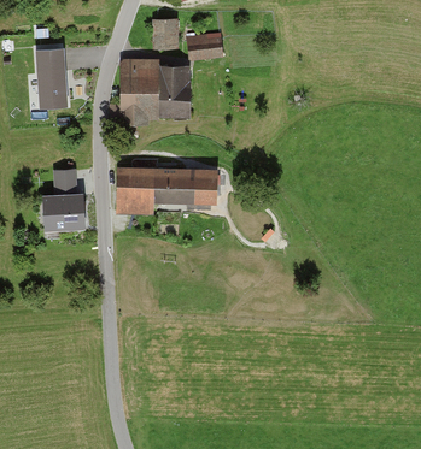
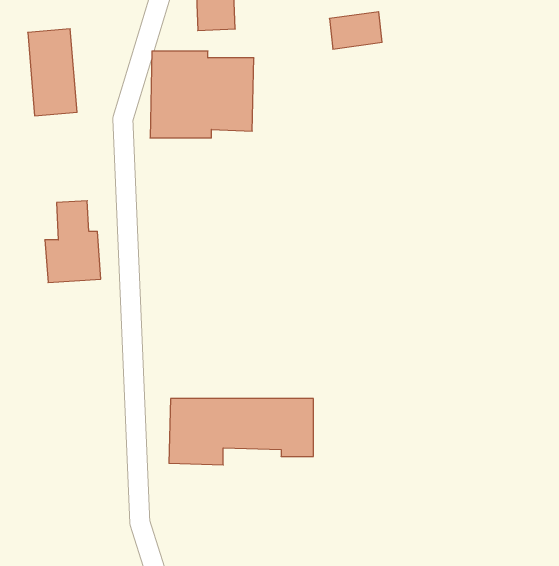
building: [187,34,224,60] -> [329,12,382,49]
building: [115,167,217,214] -> [169,399,313,465]

